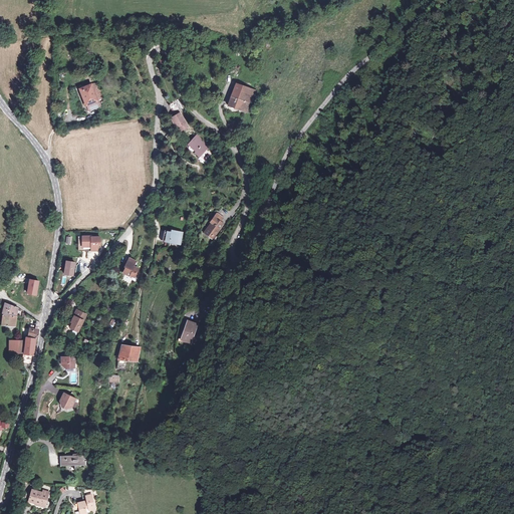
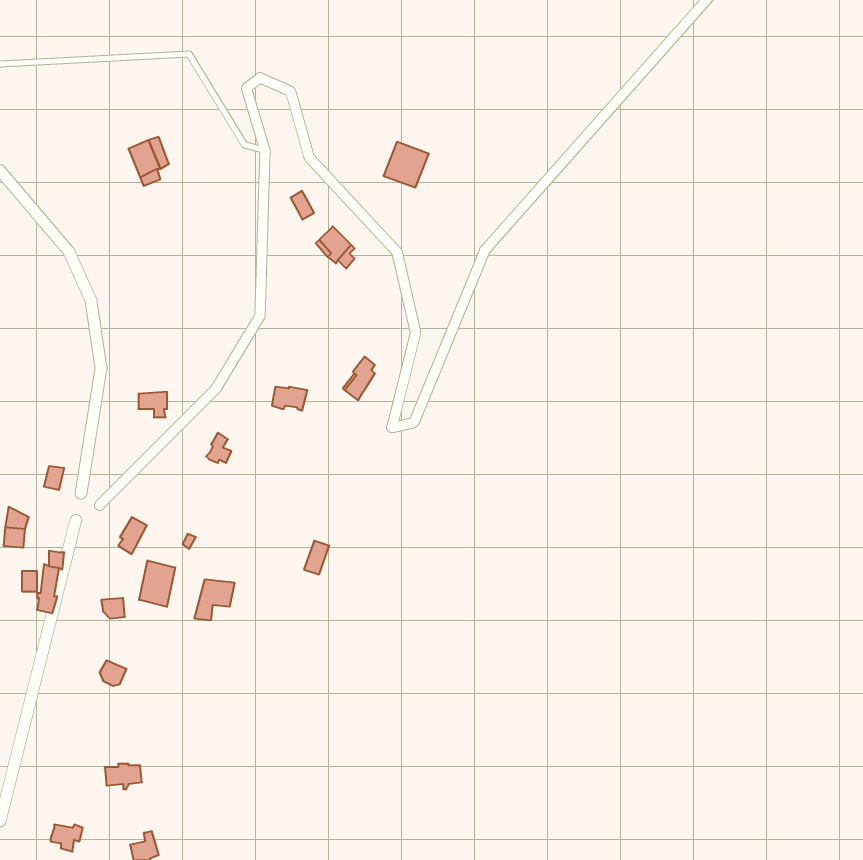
building: none -> [139,560,175,607]

